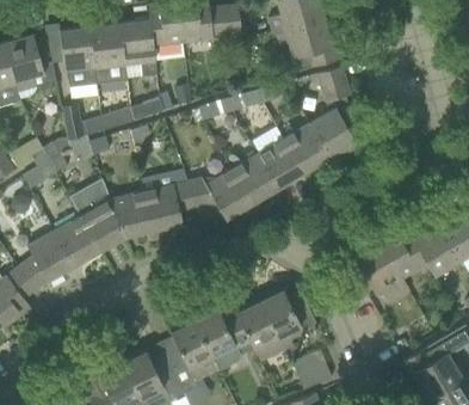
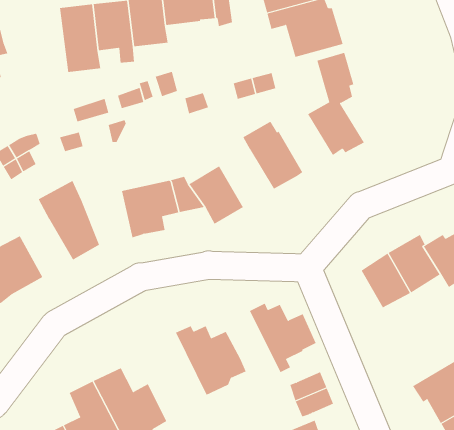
building: [60,26,95,87] -> none
building: [62,104,104,140] -> none
building: [283,121,331,172] -> none
building: [230,152,278,203] -> none
building: [109,189,153,237] -> none
building: [54,214,100,265] -> none
building: [236,295,284,362] -> none
building: [167,314,218,393] -> none

